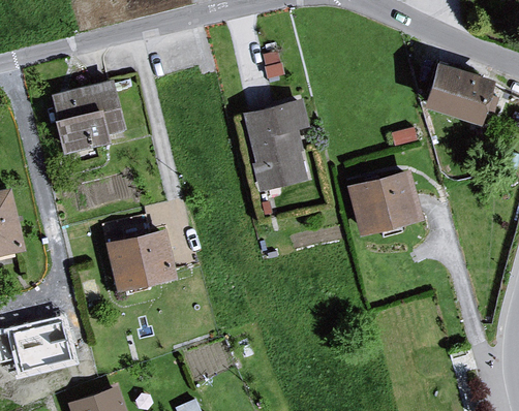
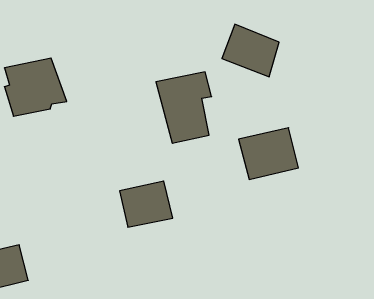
building: [421,58,493,124] -> [222,24,279,77]
building: [105,232,173,290] -> [120,181,173,227]

